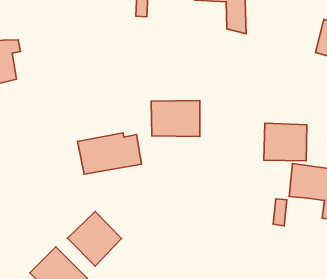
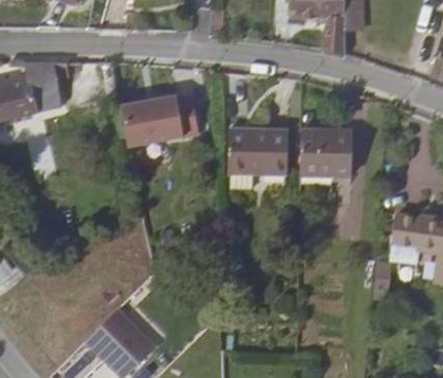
building: [264,123,307,161] -> [298,133,350,179]
building: [78,133,142,174] -> [122,93,200,144]
building: [67,212,121,266] -> none

